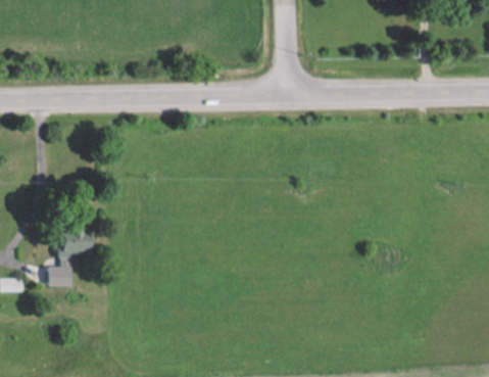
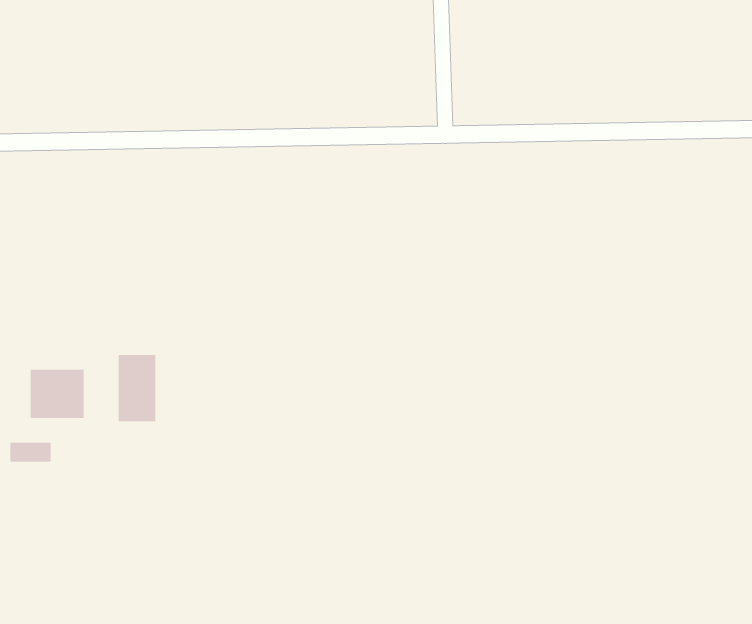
building: none -> [118,354,156,422]

